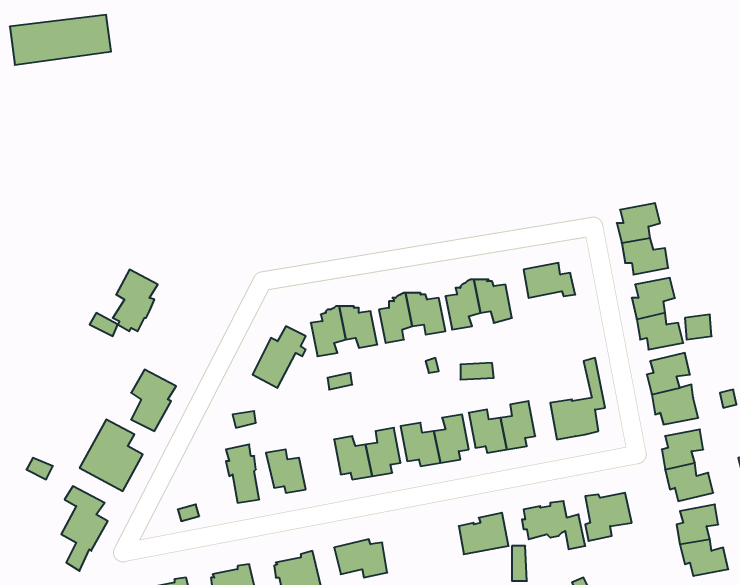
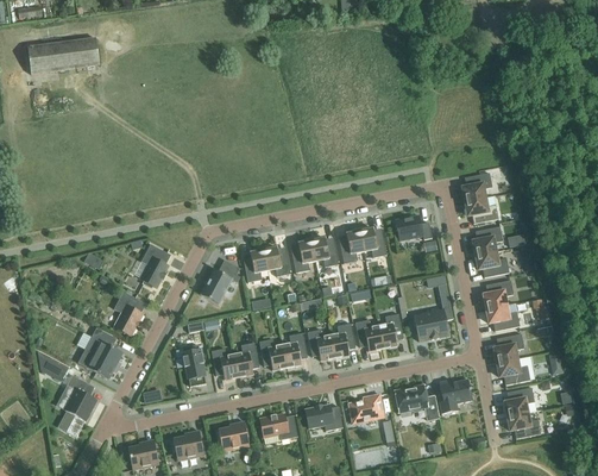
building: [113,270,158,331] -> [139,243,171,287]
building: none -> [234,342,259,376]
building: none -> [304,403,342,430]

